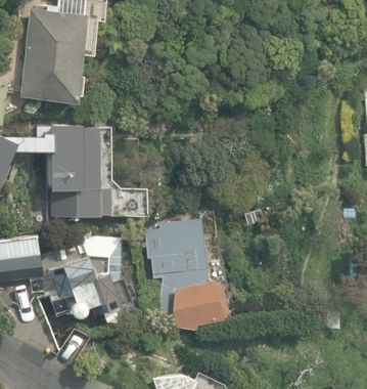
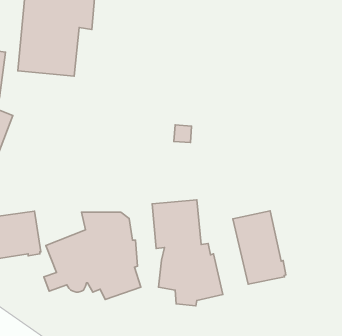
building: [50,127,147,216] -> none
building: none -> [233,211,286,284]

